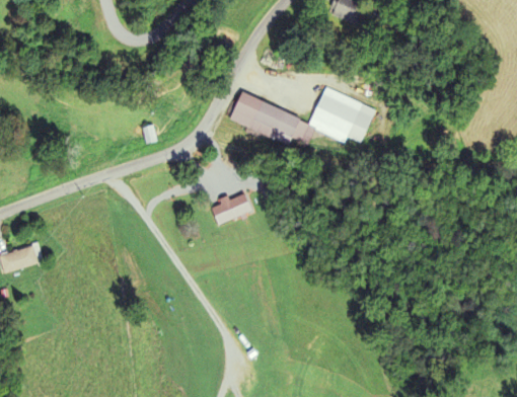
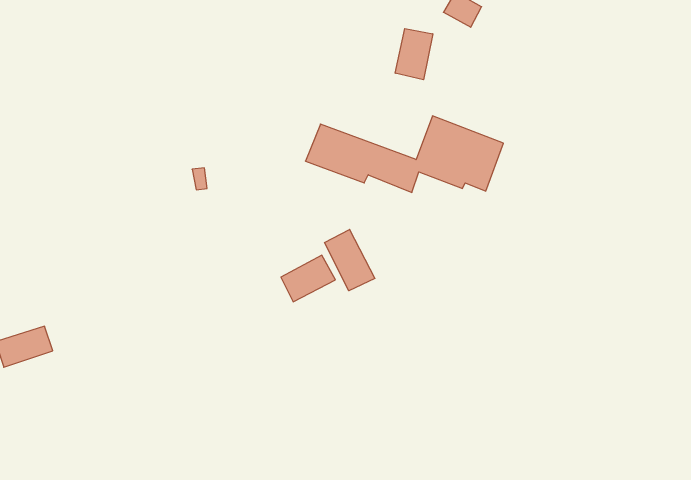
building: none -> [395,29,433,80]
building: none -> [325,229,375,291]

